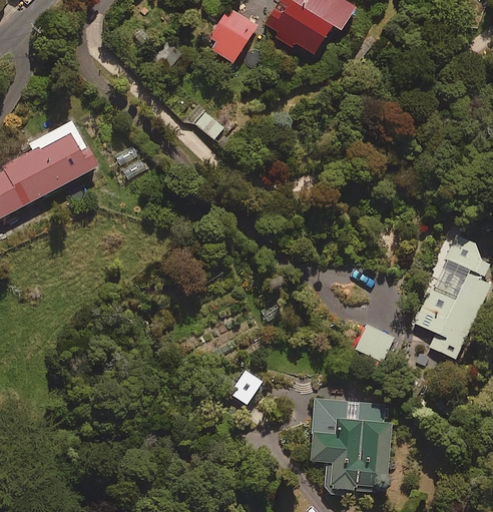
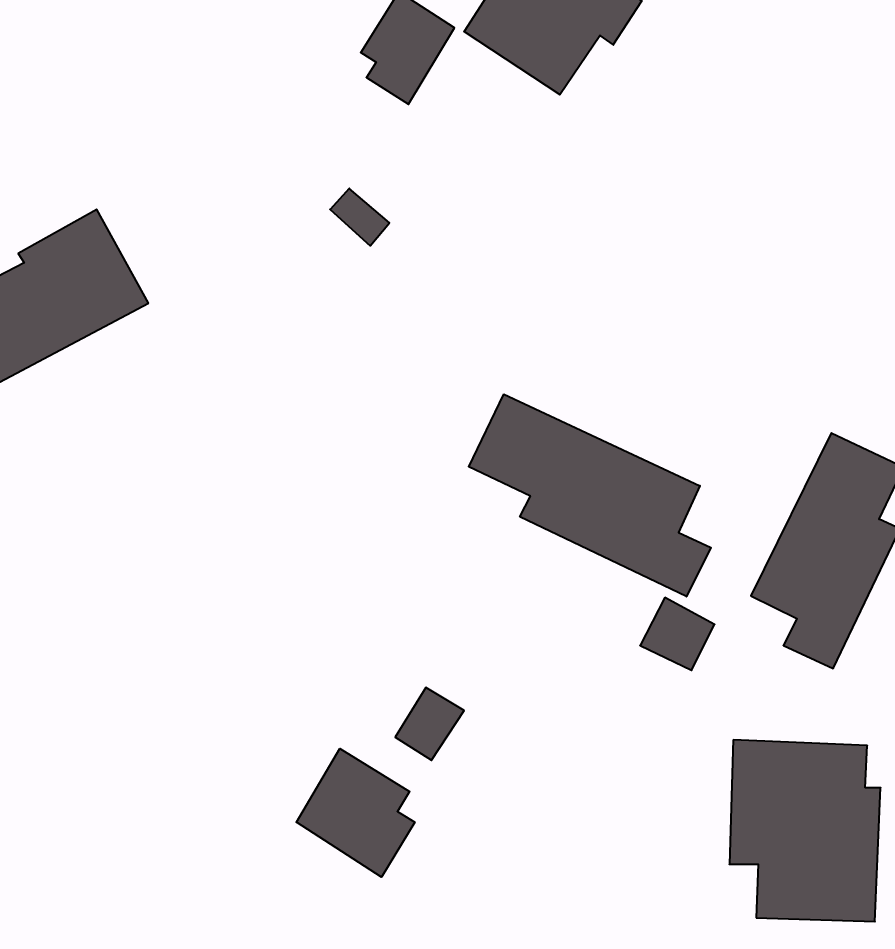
building: none -> [469,394,711,597]
building: [311,398,390,493] -> [729,740,881,922]
building: none -> [296,749,415,877]

